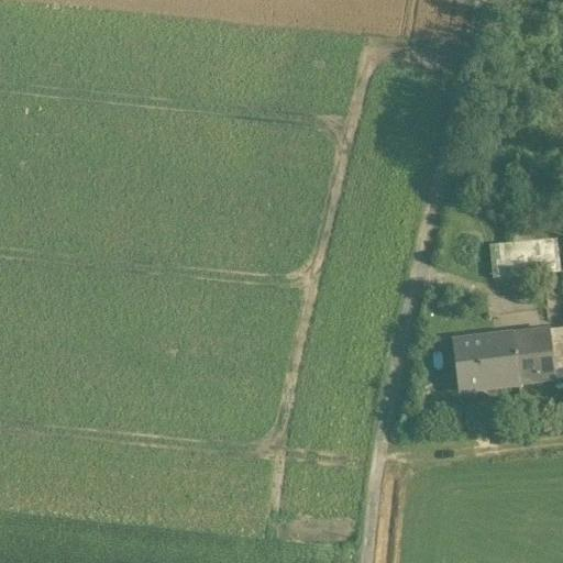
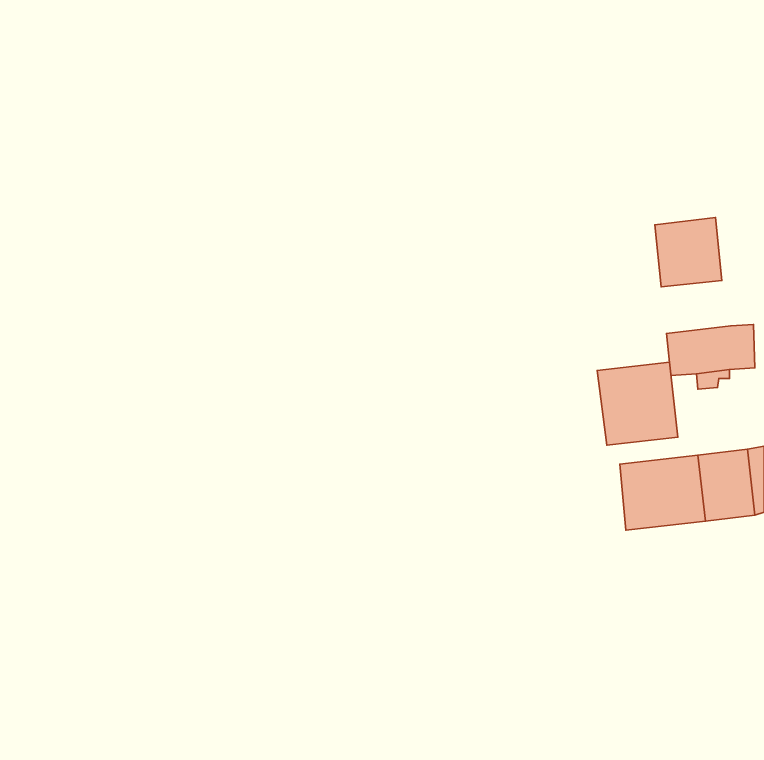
building: none -> [655,218,722,287]
building: none -> [597,362,678,445]

